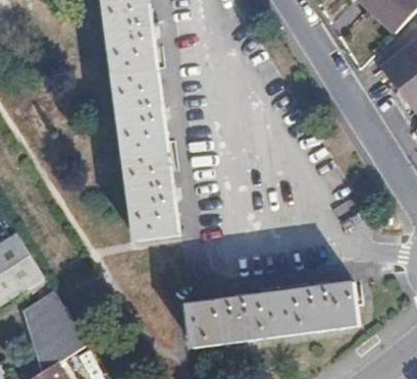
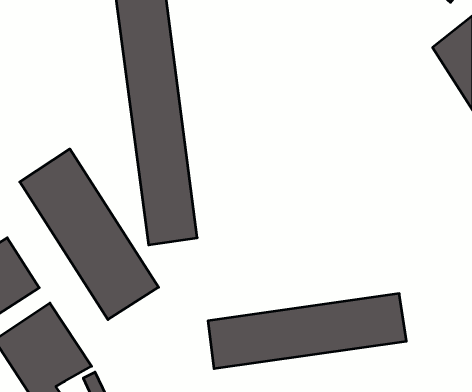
building: none -> [20,149,159,320]

